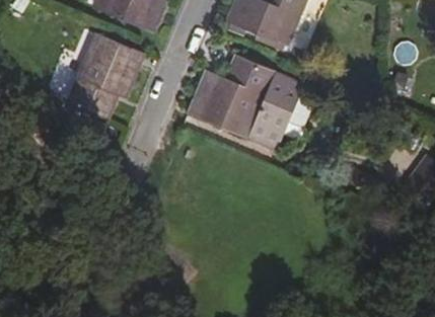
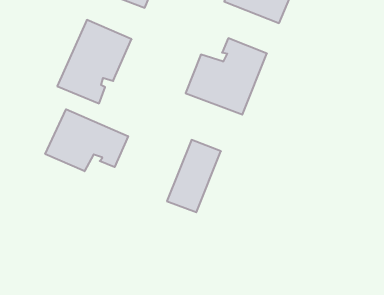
building: [248,72,302,144] -> [167,140,221,212]
building: none -> [45,109,128,171]

